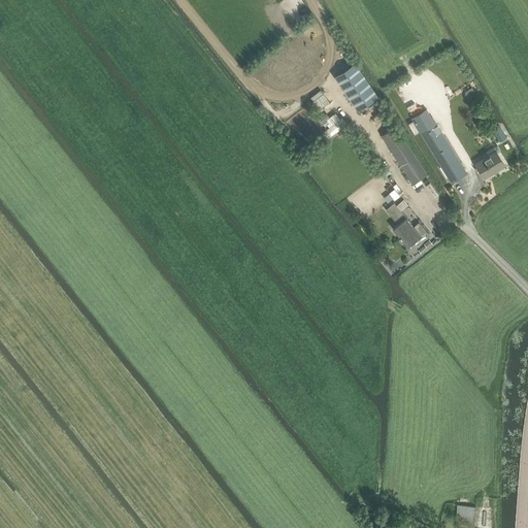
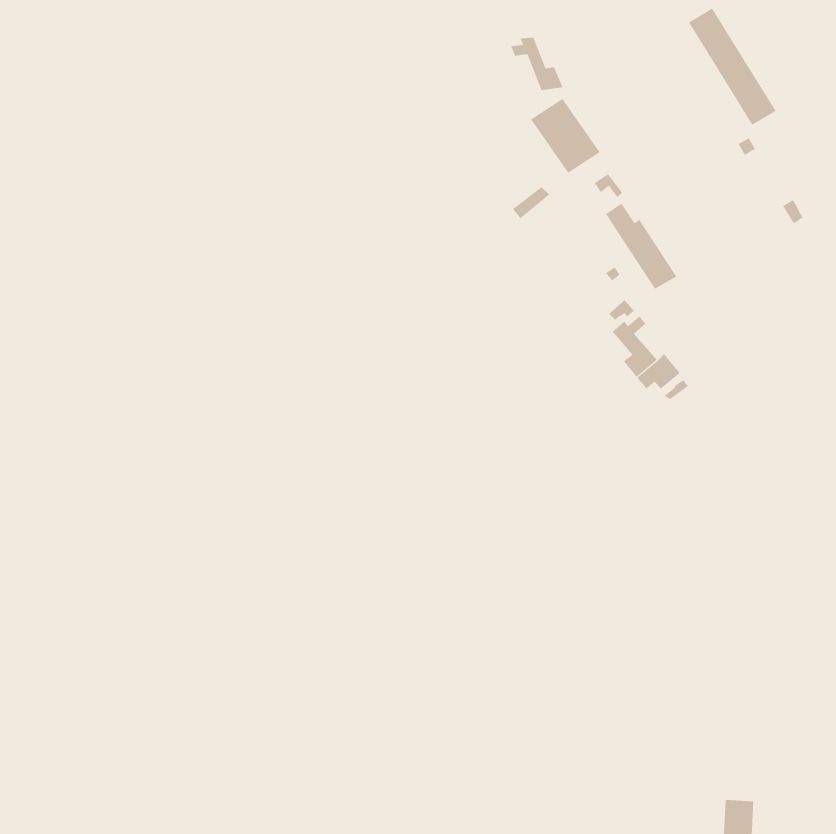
building: none -> [510,37,563,91]
building: [411,109,467,184] -> [688,8,776,125]
building: [475,152,504,178] -> none

